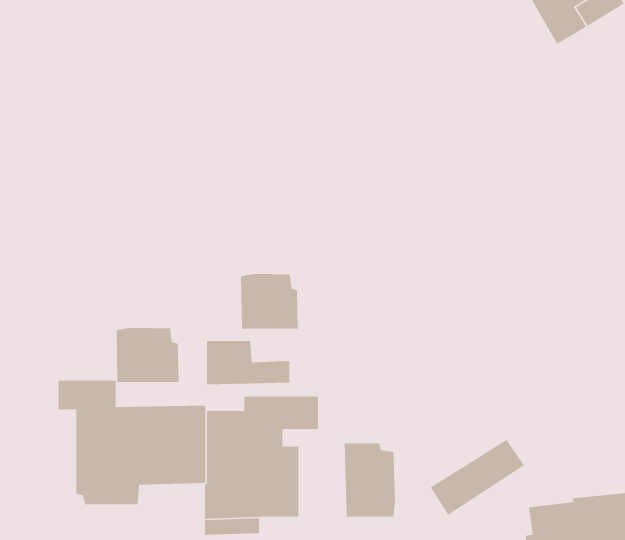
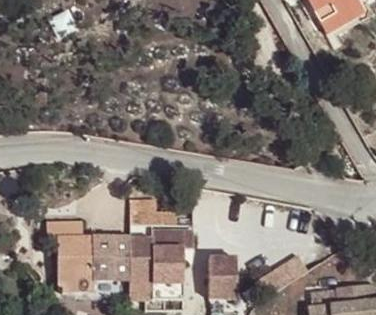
building: [240,273,298,330] -> none
building: [116,327,179,383] -> none

